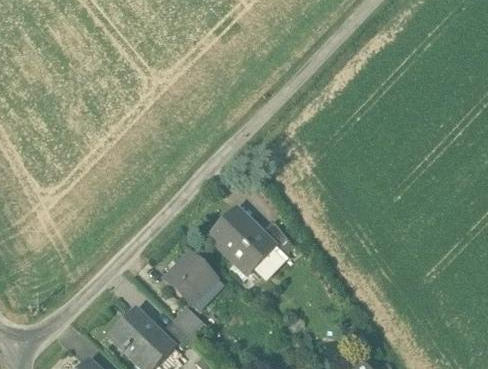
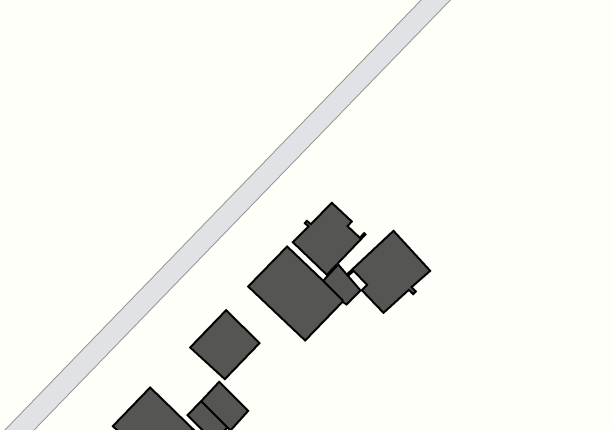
building: none -> [293,203,365,275]
building: none -> [347,231,430,313]

